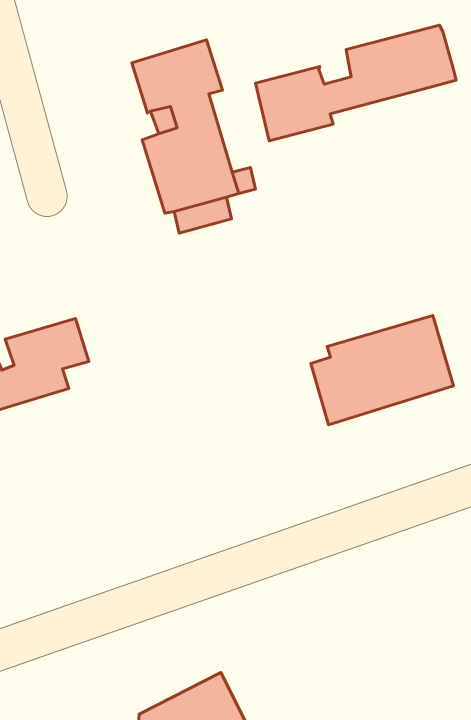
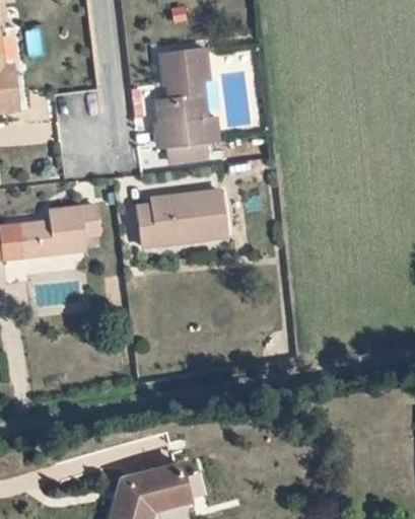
building: [256,25,456,141] -> none
building: [311,315,454,425] -> [154,195,243,253]

